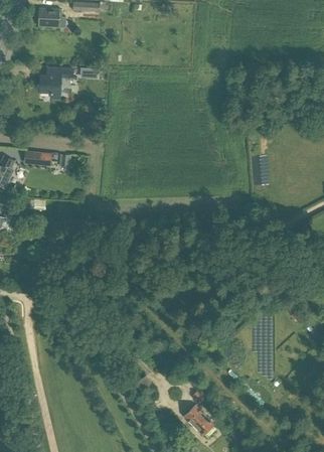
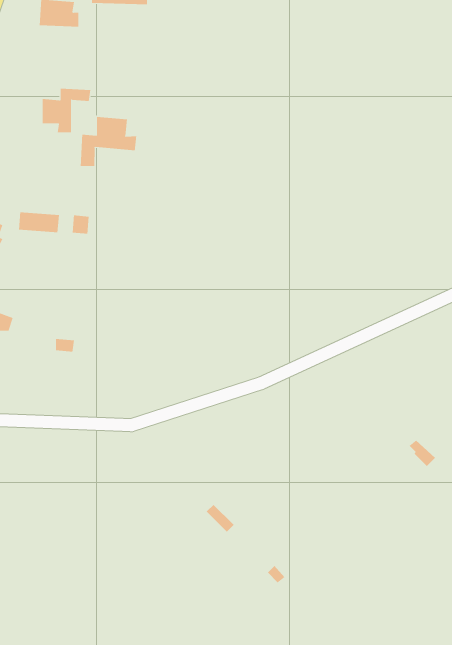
building: none -> [80,116,137,167]
building: [183,405,212,434] -> none

